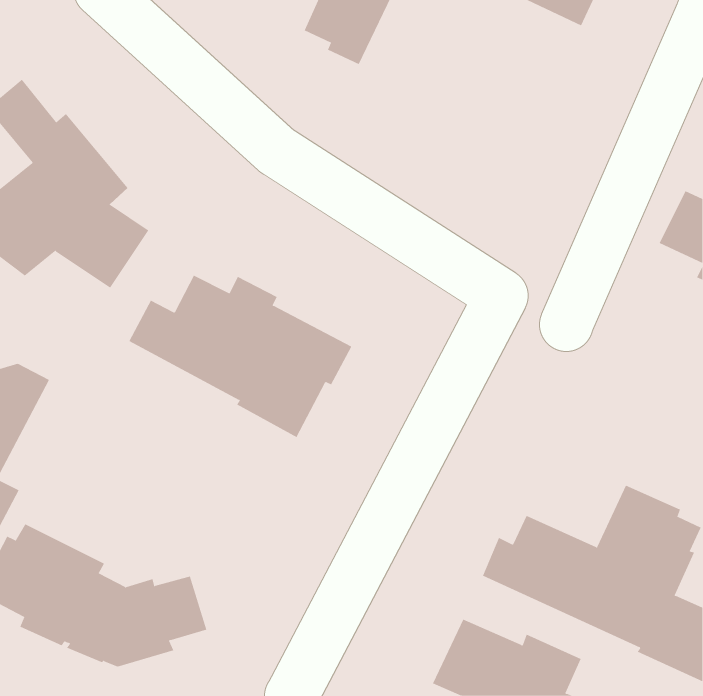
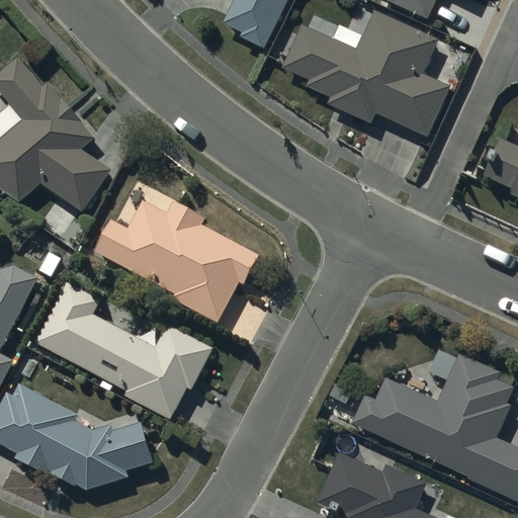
building: none -> [282,10,449,137]
building: none -> [34,282,210,419]

